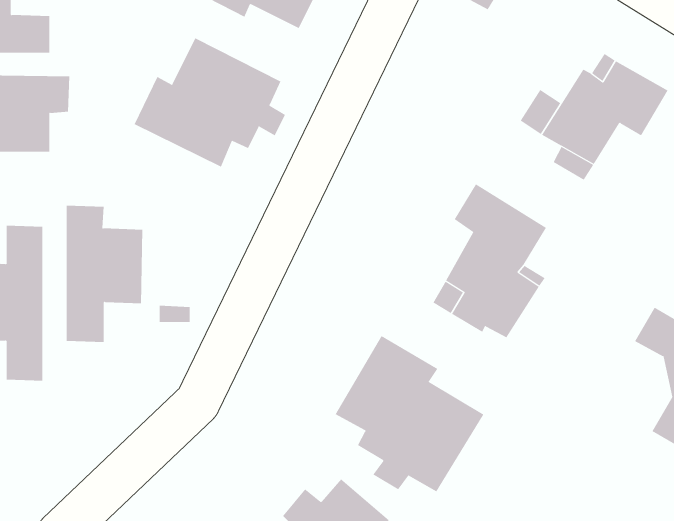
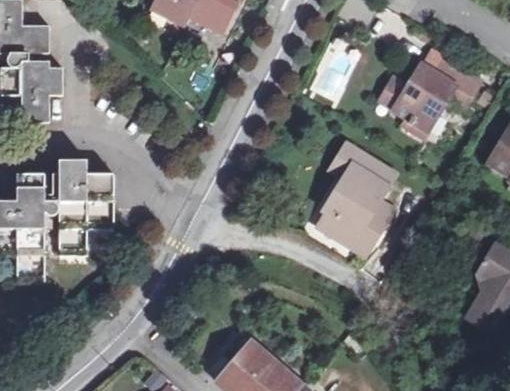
building: [134,37,286,168] -> none
building: [335,335,484,492] -> none

